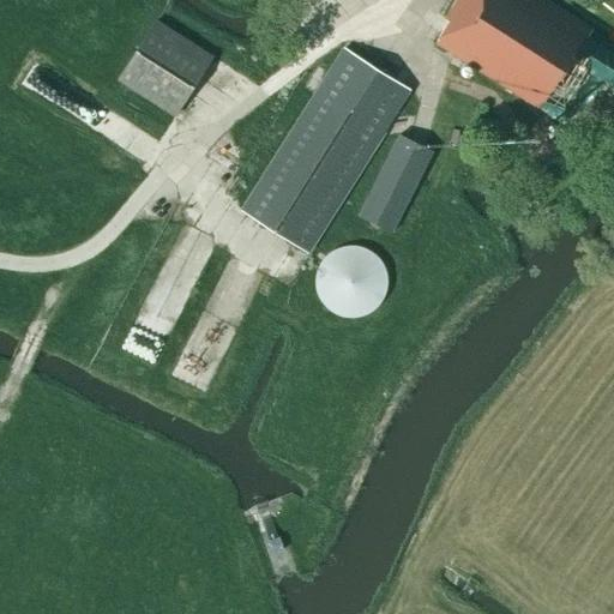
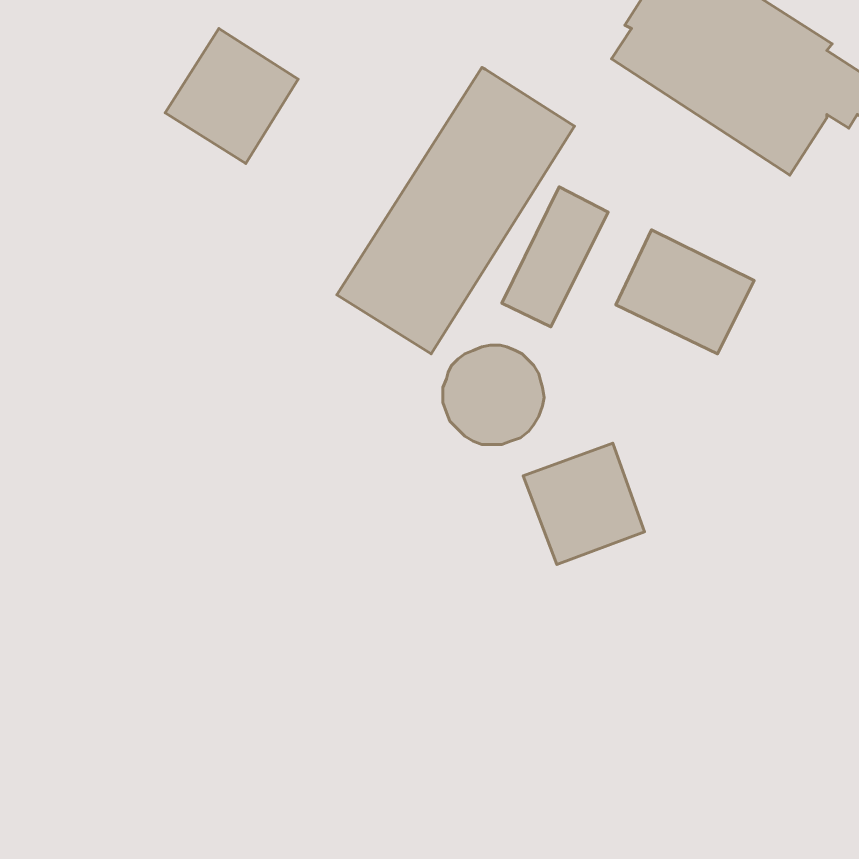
building: none -> [616,230,754,354]
building: none -> [523,443,645,565]

